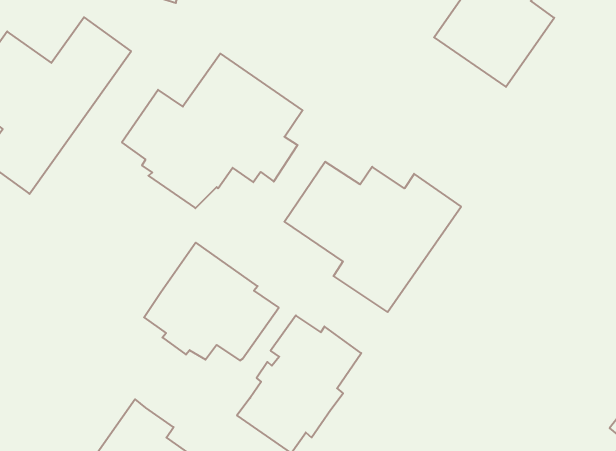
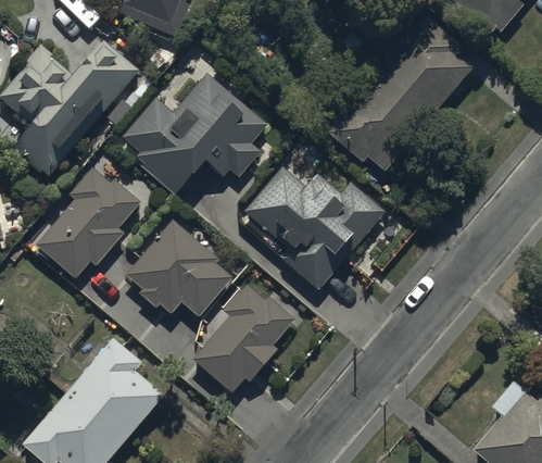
building: none -> [327,76,430,174]
building: none -> [36,168,141,279]

